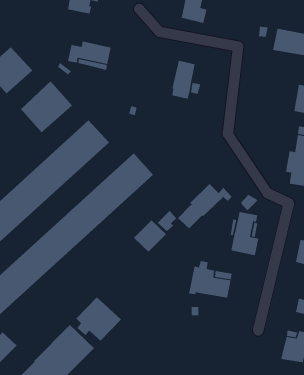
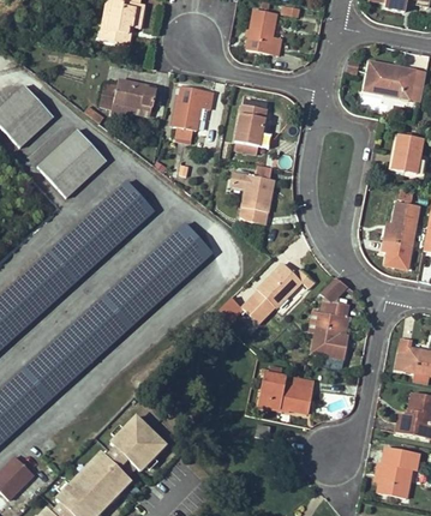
building: none -> [173,85,212,139]
building: none -> [239,170,273,223]
building: [133,219,167,252] -> none

